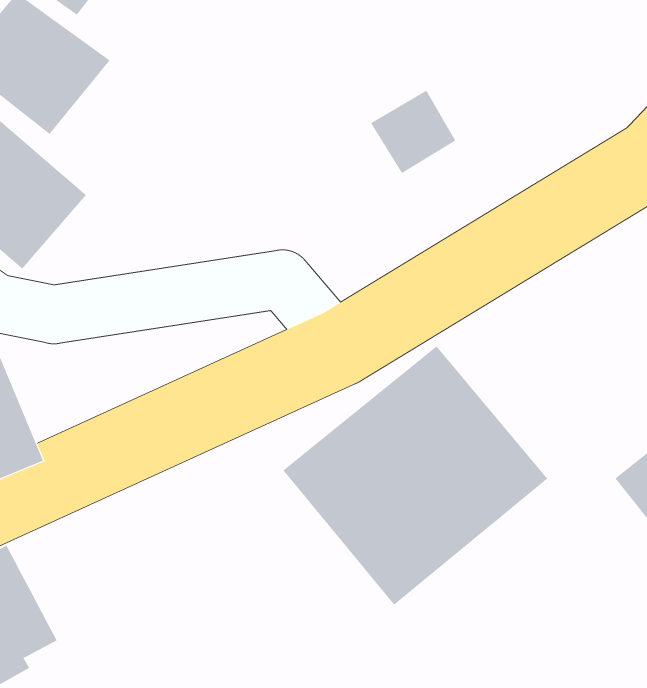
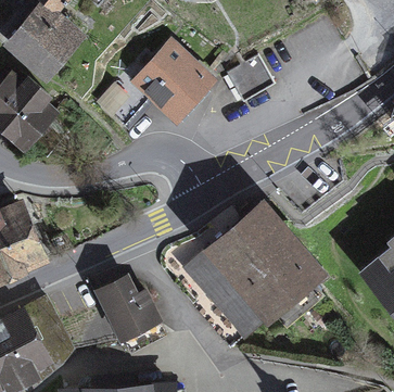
building: none -> [137,43,214,119]
building: none -> [82,264,151,338]

